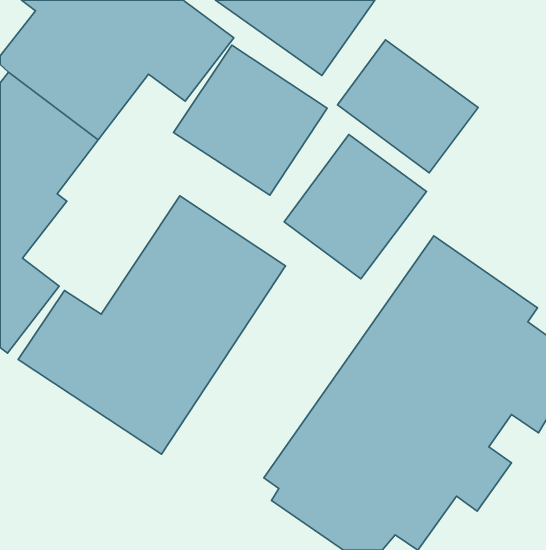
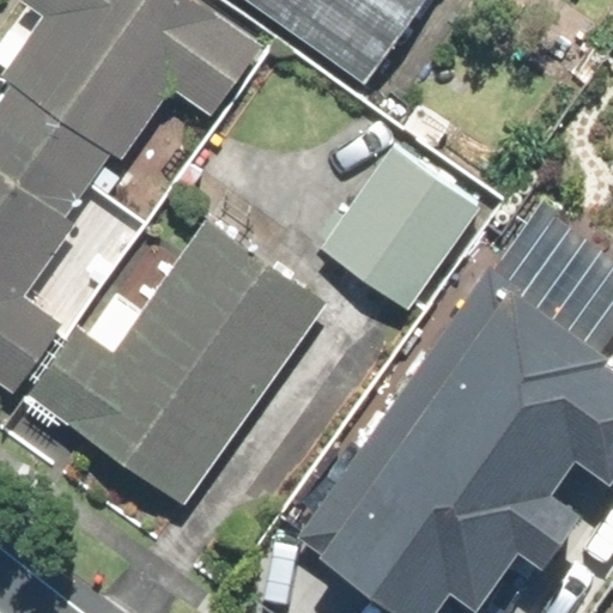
building: [338,40,478,173] -> none
building: [173,45,327,195] -> none

